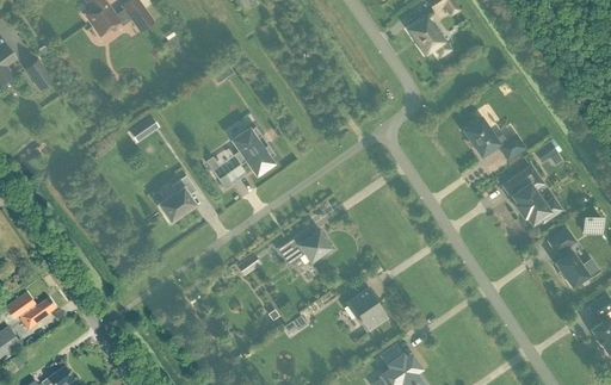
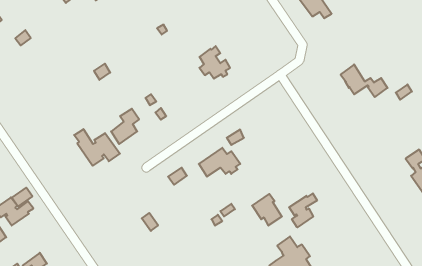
building: [233,126,273,169] -> [199,46,230,79]
building: [504,167,560,224] -> none
building: none -> [74,129,120,166]
building: none -> [289,193,317,227]

